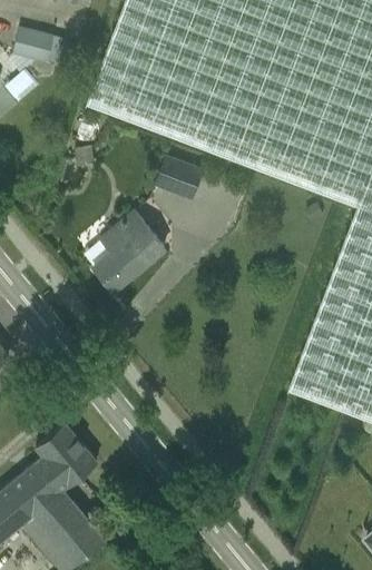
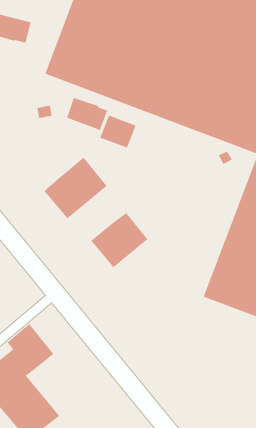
building: none -> [66,97,108,131]
building: none -> [91,212,148,268]

